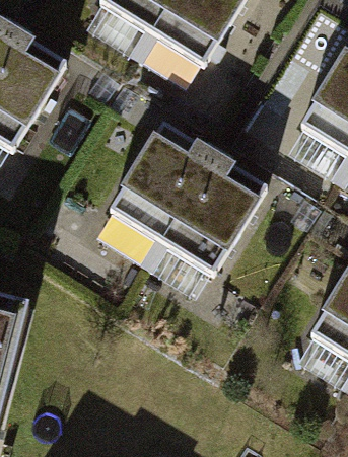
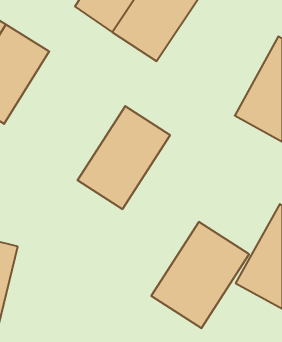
building: [154,165,271,292] -> [151,222,249,328]

